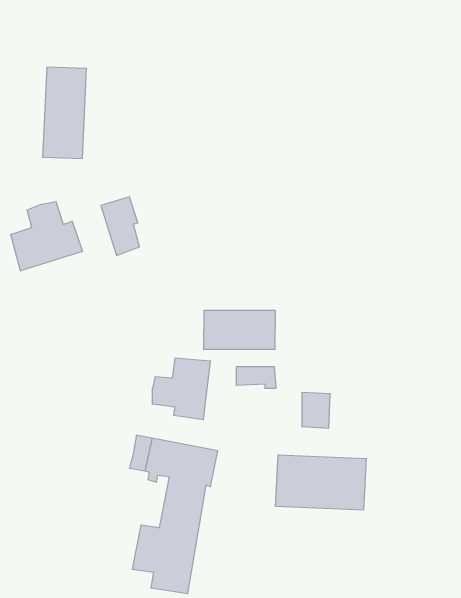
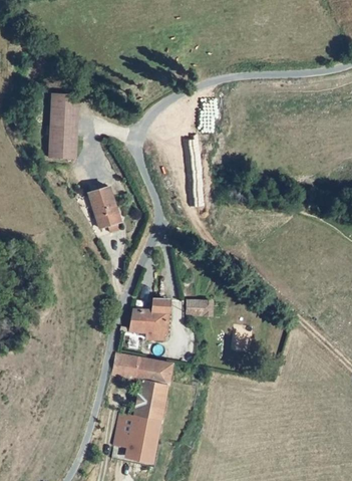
building: [11,201,82,271] -> none
building: [204,310,275,350] -> none
building: [276,455,366,510] -> none

